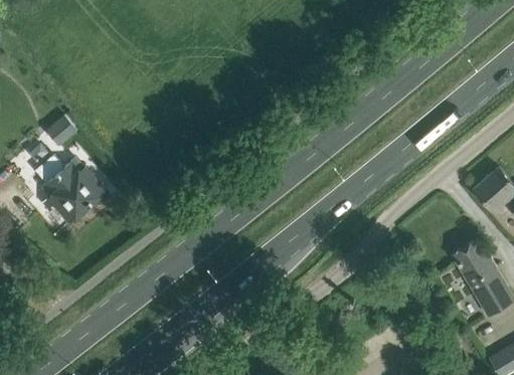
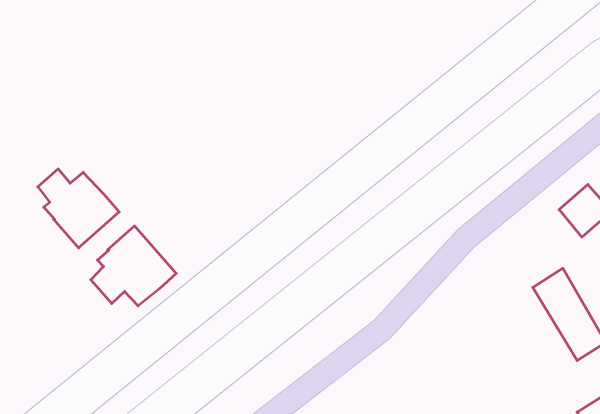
building: [47,114,79,146] -> none
building: none -> [91,226,176,306]

